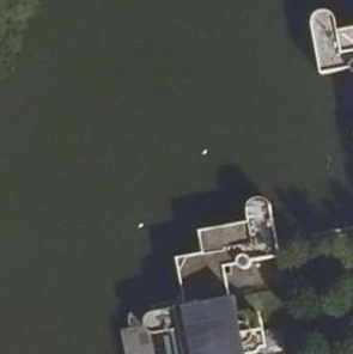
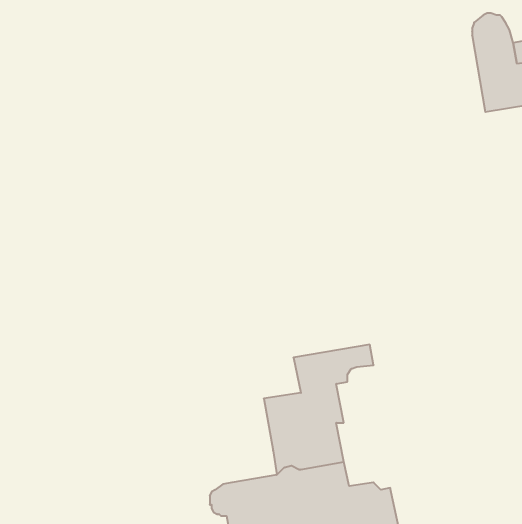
building: [227,197,274,270] -> none

